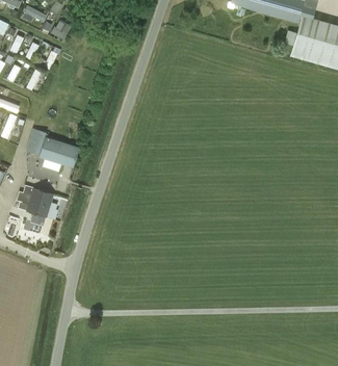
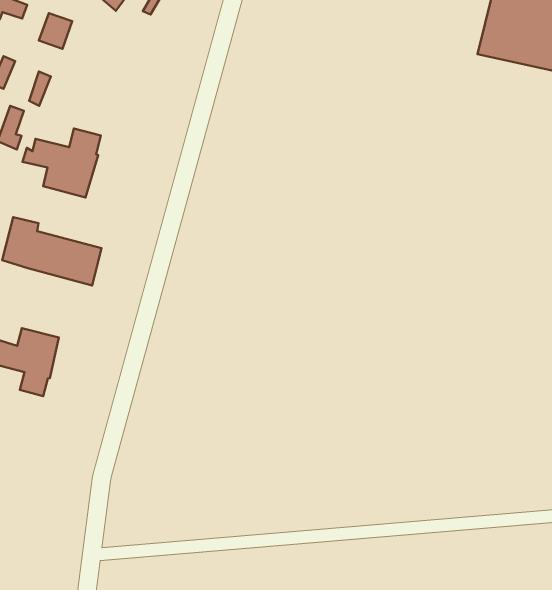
building: none -> [22,129,101,198]

